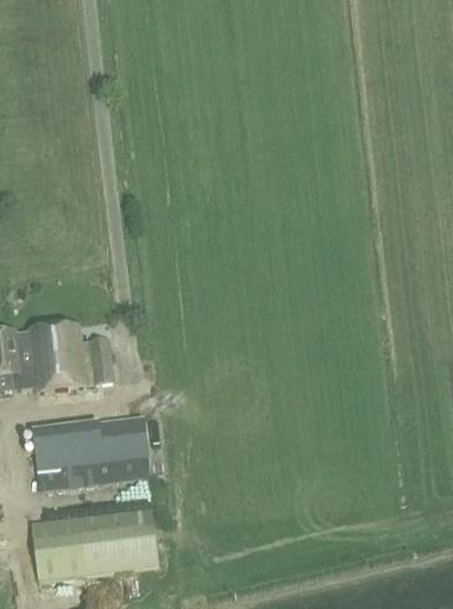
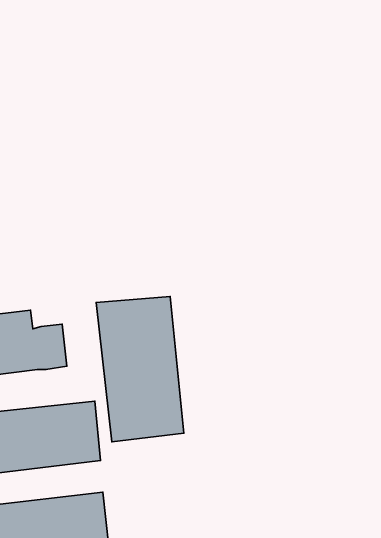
building: none -> [96,296,184,442]

